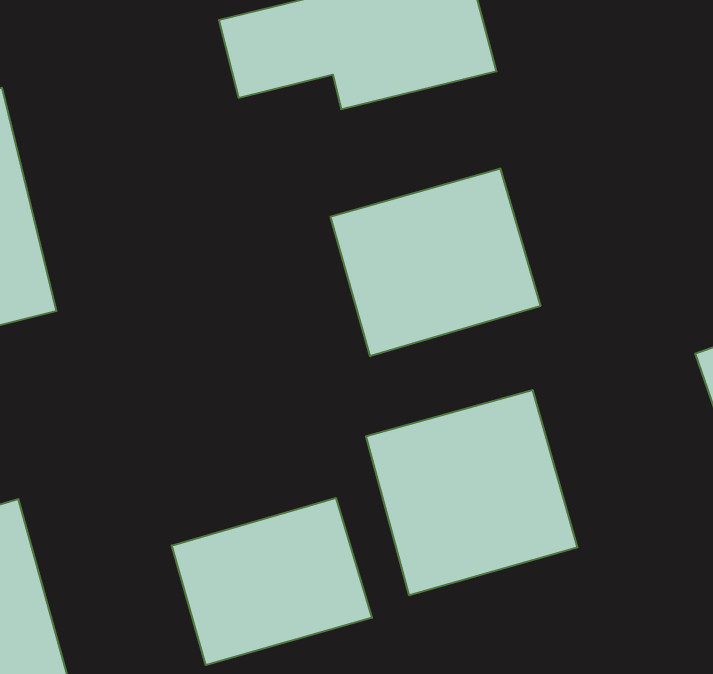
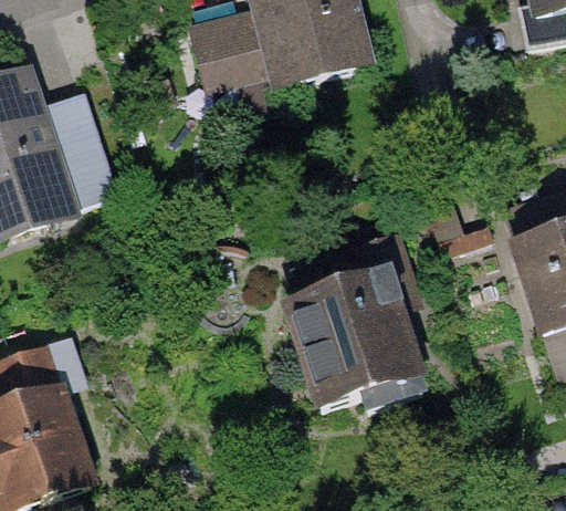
building: [331,168,540,356] -> none
building: [172,498,372,665] -> none

